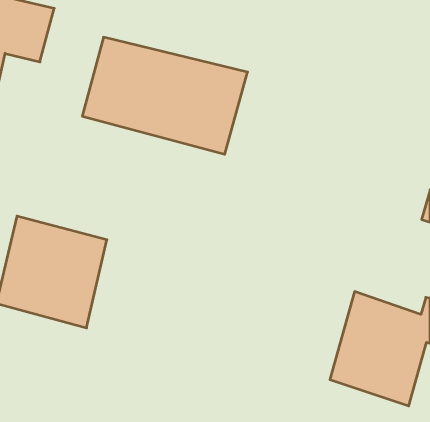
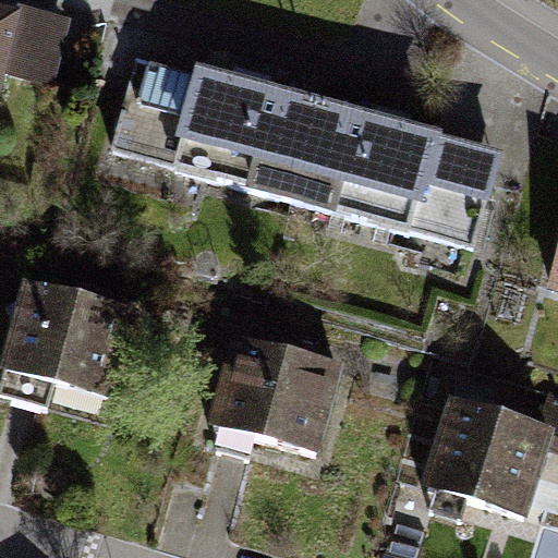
building: none -> [289,93,505,251]
building: none -> [203,332,344,464]

